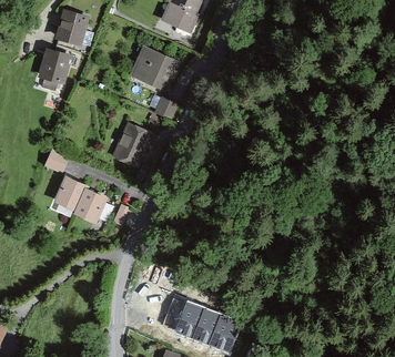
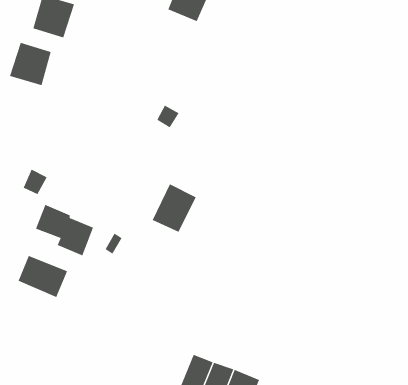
building: [133,50,172,88] -> none
building: [113,124,150,164] -> [152,183,197,232]
building: none -> [18,255,68,298]

